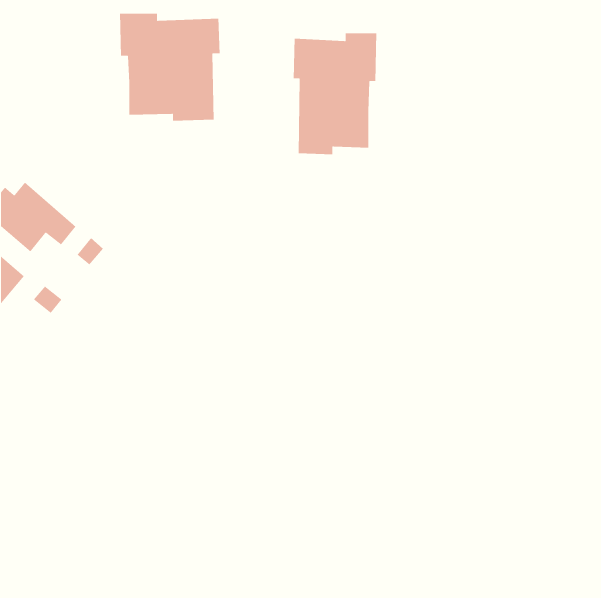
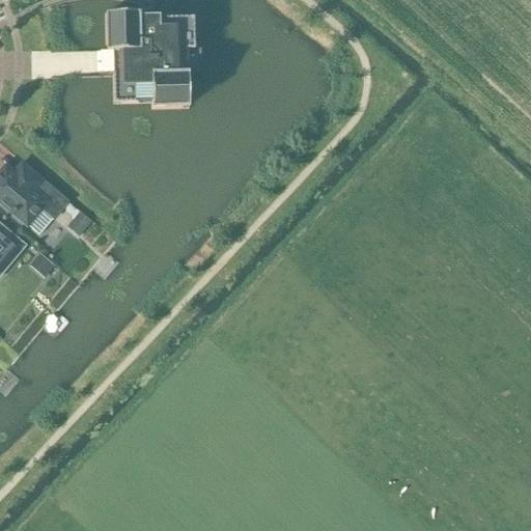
building: [293,32,377,155] -> none

